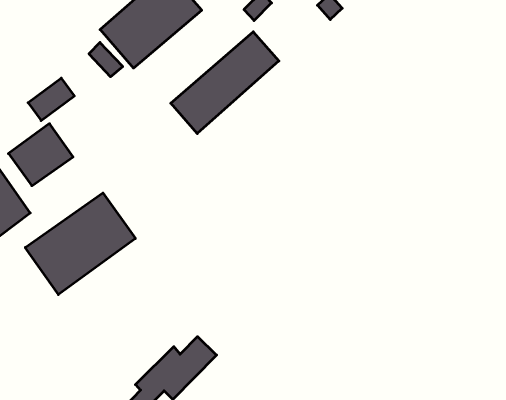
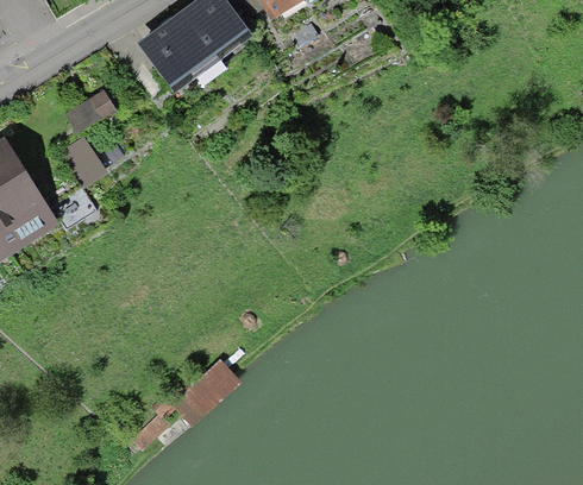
building: [171,32,279,134] -> none
building: [25,193,135,295] -> none

